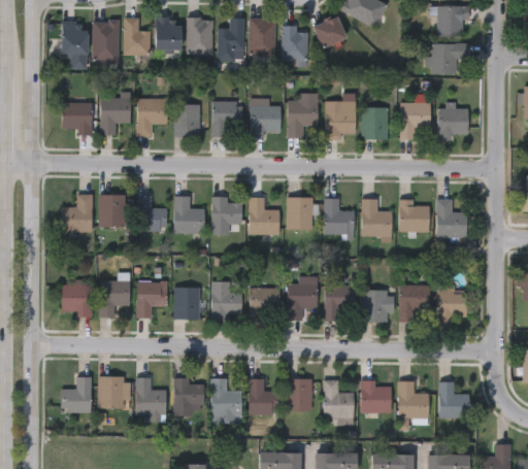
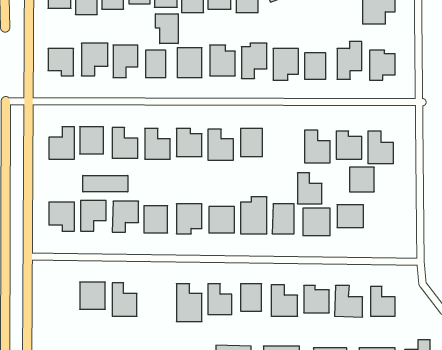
building: none -> [156,14,178,44]
building: [324,198,353,234] -> [297,173,322,204]
building: none -> [83,175,128,192]
building: [437,288,466,316] -> [350,167,374,192]
building: [61,376,91,412] -> none
building: [173,378,204,412] -> none

